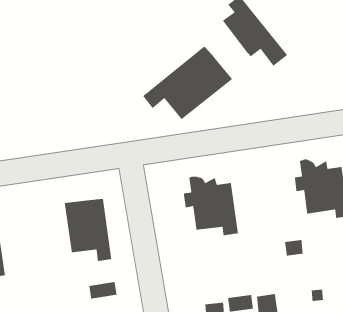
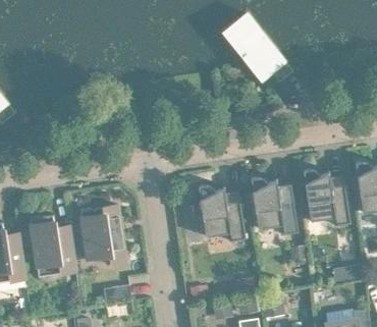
building: [142,45,233,120] -> none
building: none -> [245,177,298,234]
building: none -> [29,215,75,278]

